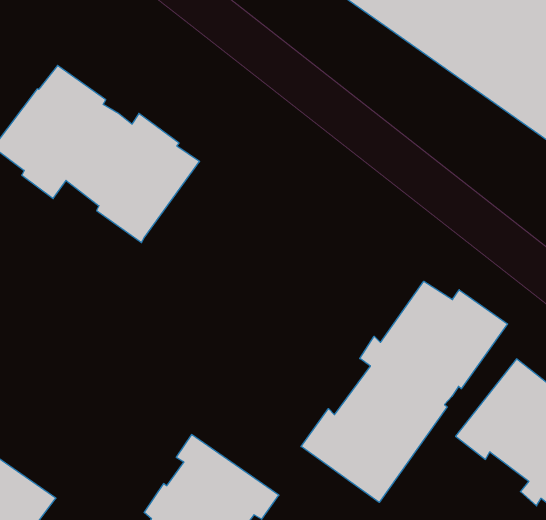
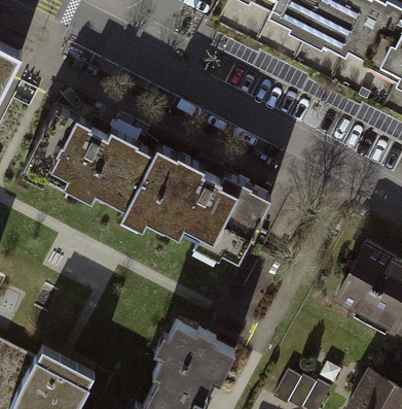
building: none -> [126,145,270,260]
building: [301,281,508,502] -> none

